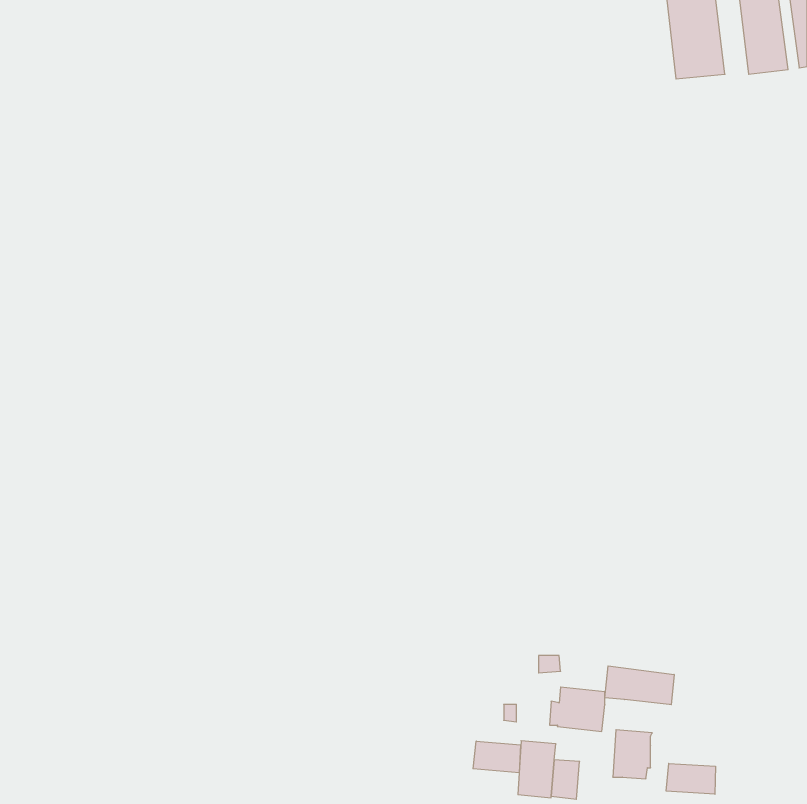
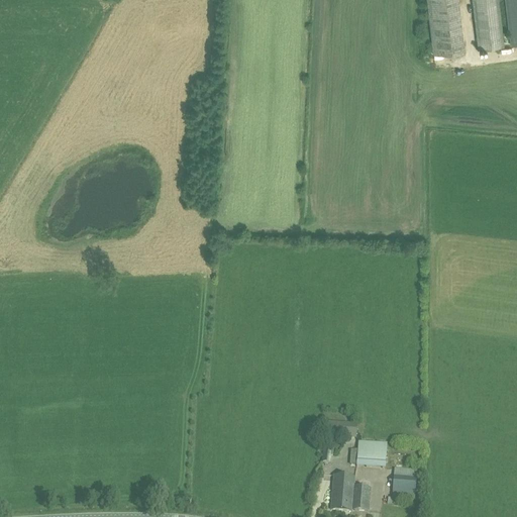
building: [605,666,674,705] -> none
building: [473,741,520,773] -> none
building: [666,763,715,794] -> none

